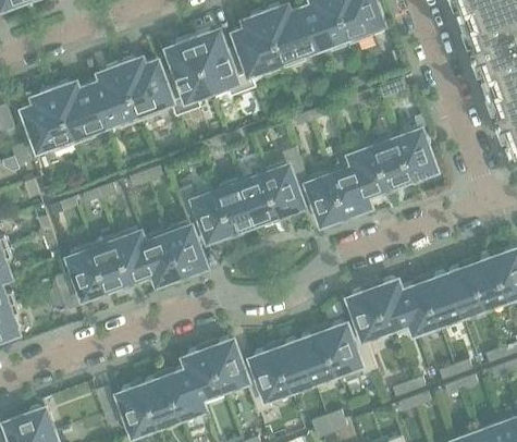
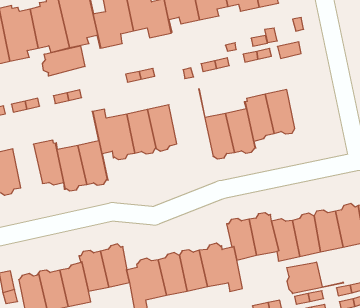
building: none -> [43,46,85,76]
building: [396,127,436,179] -> none
building: [263,148,322,224] -> none
building: [91,237,131,292] -> none
building: none -> [287,262,344,294]

